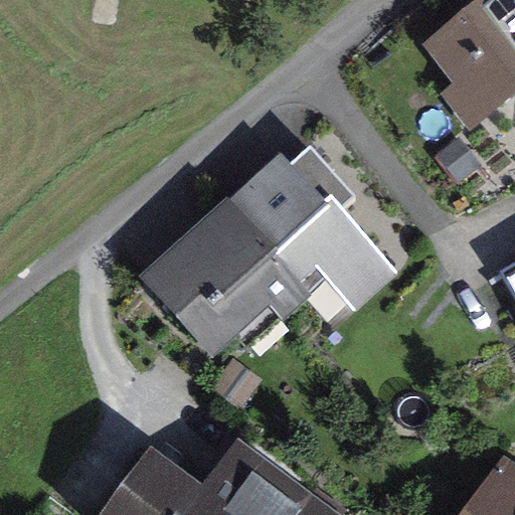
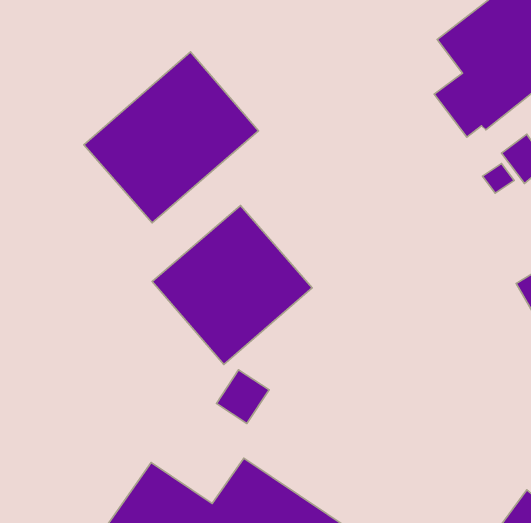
building: none -> [84,52,258,223]
building: [233,154,387,304] -> none

